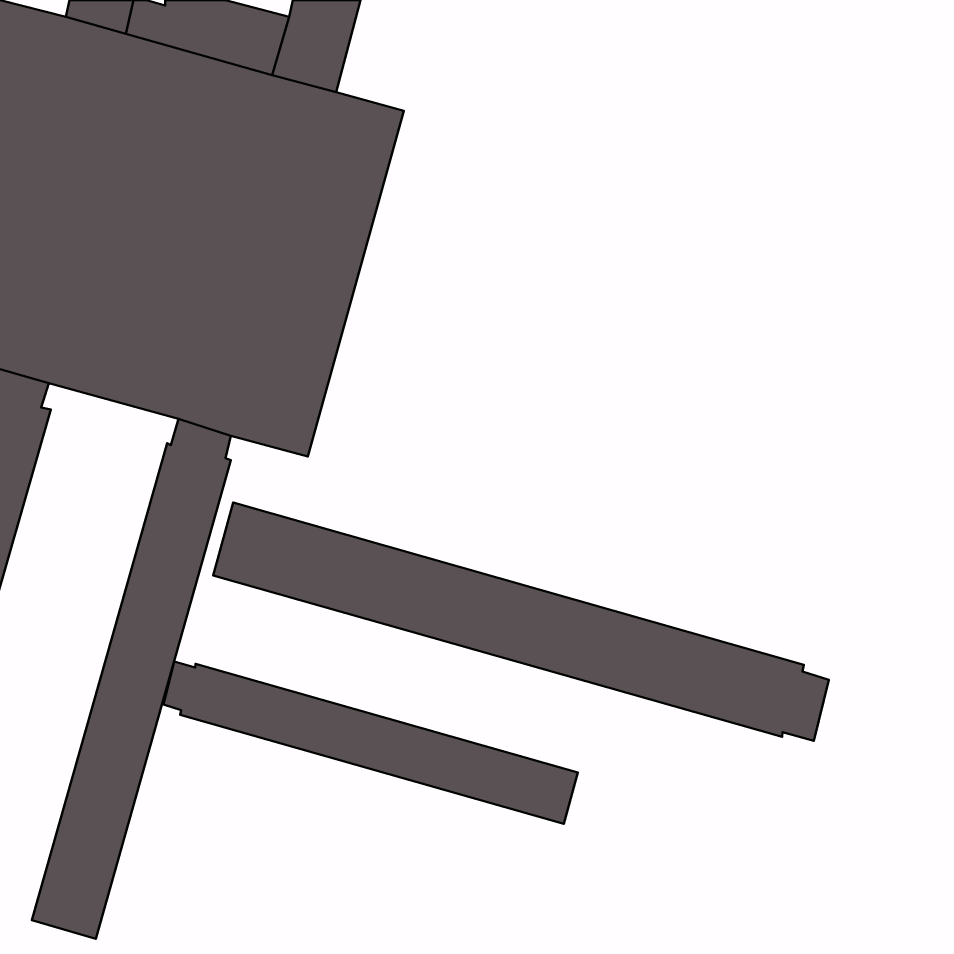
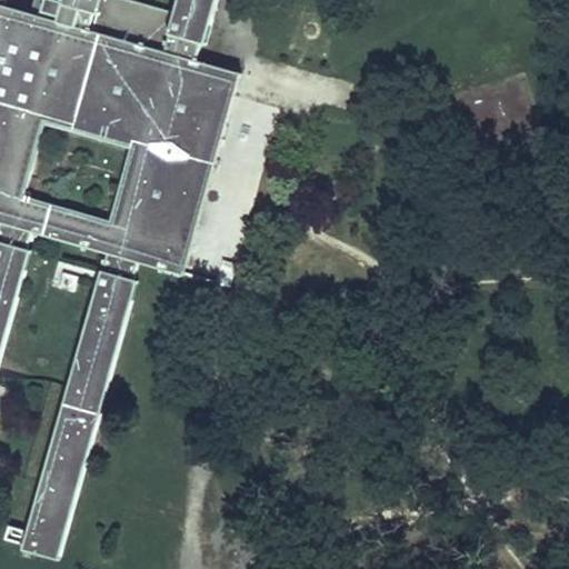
building: [213,502,829,741] -> none
building: [164,661,578,824] -> none

